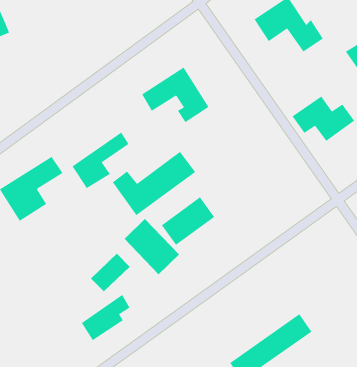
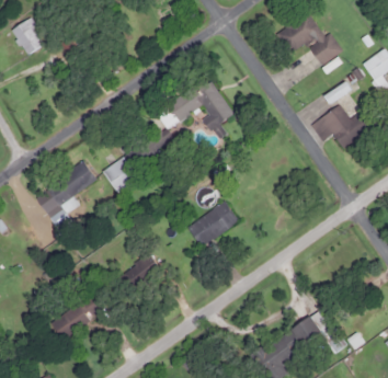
building: [112,151,196,216] -> none
building: [124,218,180,275] -> none
building: [81,294,131,341] -> [52,295,99,340]

